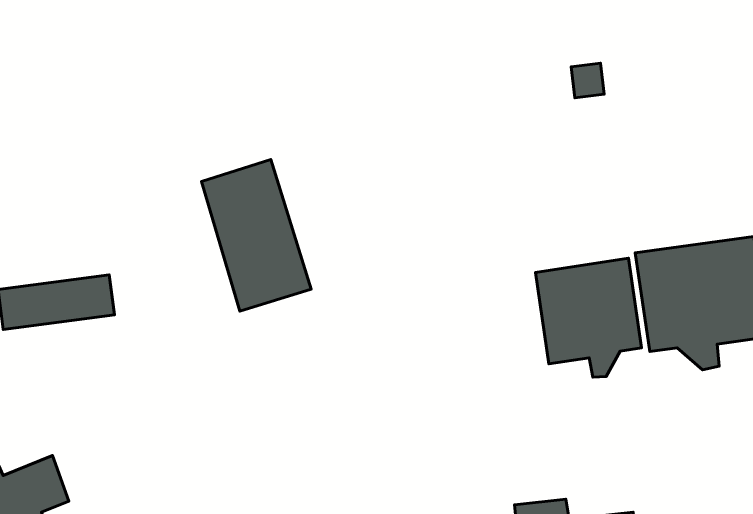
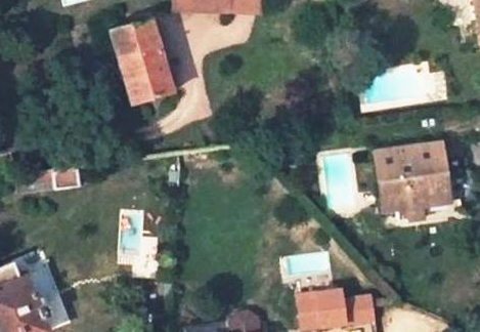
building: [202,160,311,311] -> [113,18,174,103]
building: [536,258,642,377] -> none

